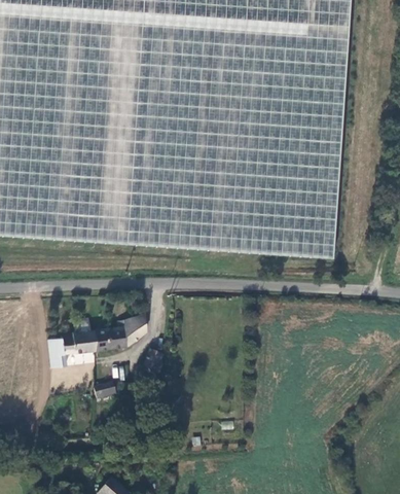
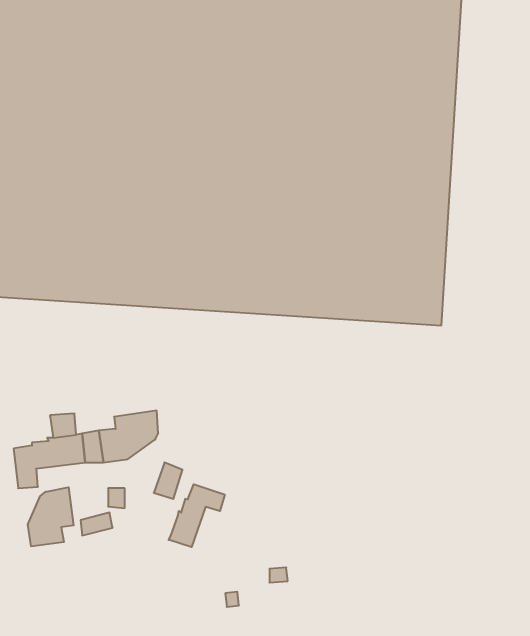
building: none -> [169,484,225,547]
building: none -> [28,487,74,546]

